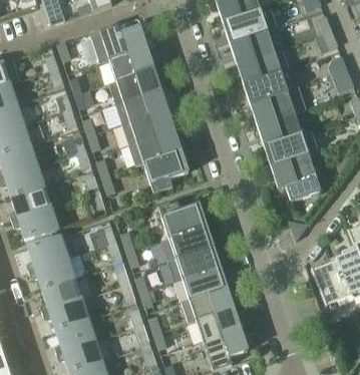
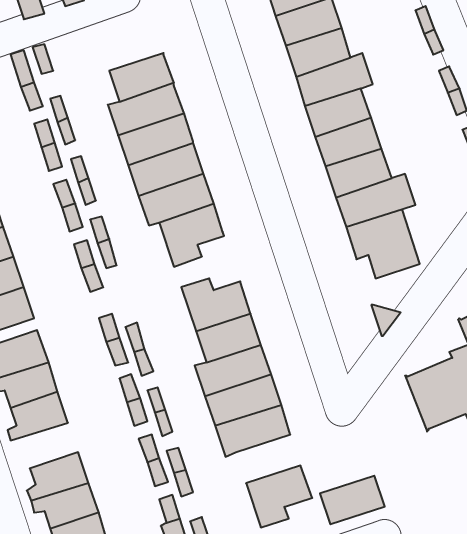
building: [90,23,146,62] -> none
building: [42,299,88,330] -> none
building: [196,307,240,340] -> [320,476,385,524]

